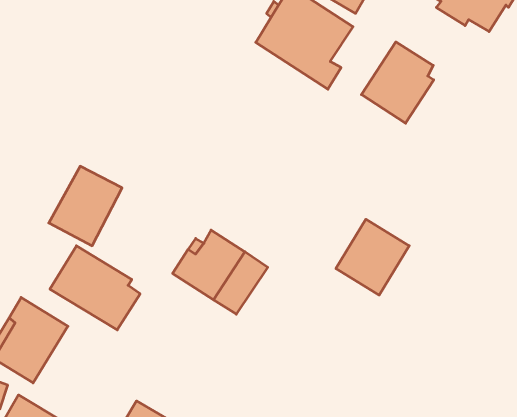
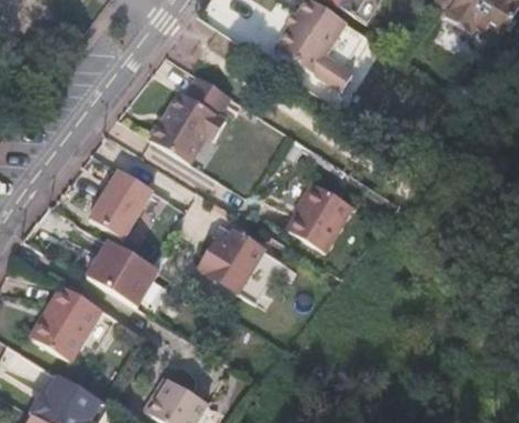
building: [361,42,434,123] -> none
building: none -> [147,72,230,160]
building: [336,219,409,295] -> [288,182,356,252]

